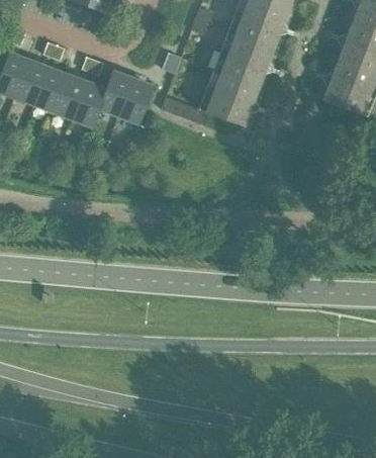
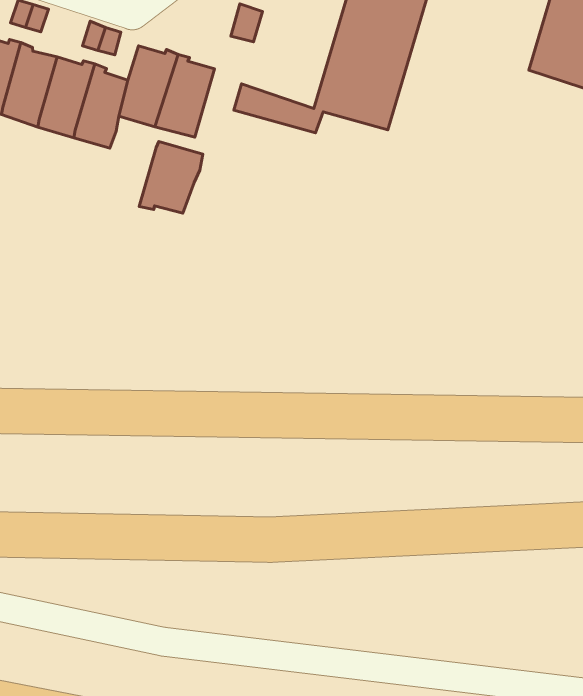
building: none -> [139,141,203,213]

